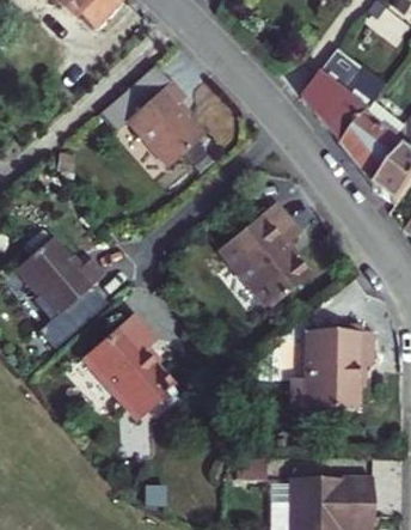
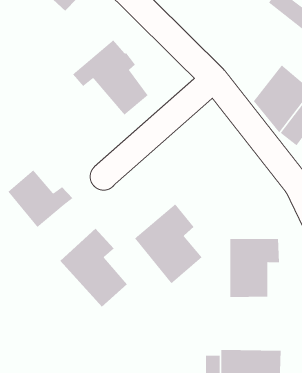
building: [299,60,386,146] -> none
building: [217,200,308,307] -> [134,203,203,284]
building: [53,285,104,335] -> none

